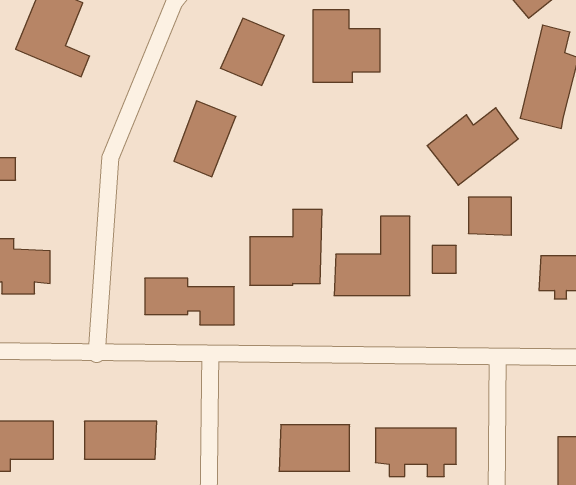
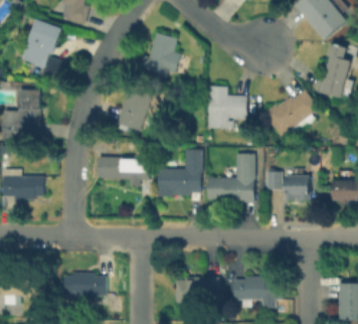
building: [313,10,380,82] -> [208,86,247,128]
building: none -> [19,88,39,111]
building: [468,197,511,235] -> [286,177,311,199]
building: [145,278,234,325] -> [97,158,149,185]

